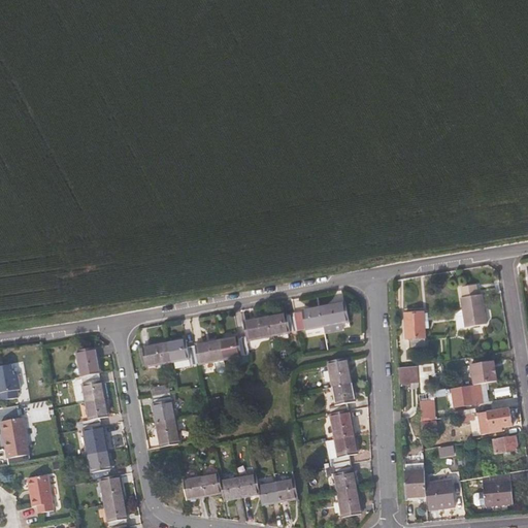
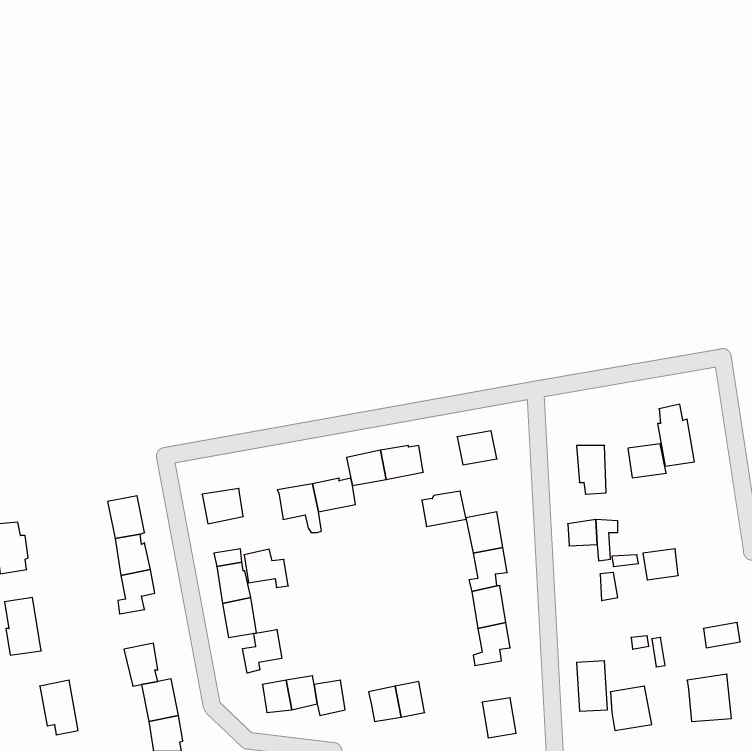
building: [293,305,324,330] -> [422,491,466,527]
building: [167,337,198,364] -> [244,549,288,587]
building: [470,360,497,384] -> [628,444,666,478]
building: [462,407,512,431] -> none
building: [82,426,107,454] -> none
building: none -> [243,629,282,673]
building: [332,462,357,491] -> none
building: [238,472,260,496] -> none

